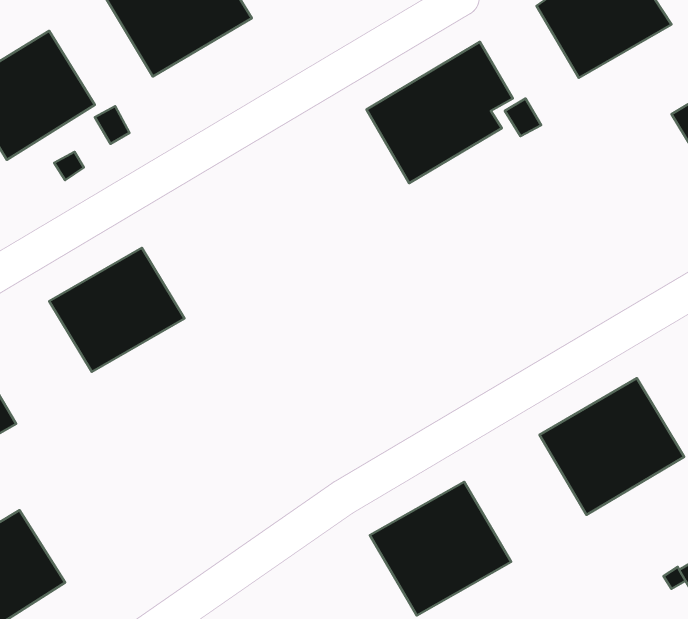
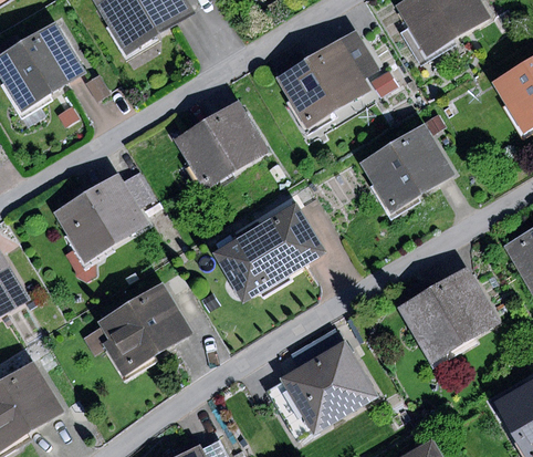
building: none -> [175,101,269,190]
building: none -> [358,123,454,212]
building: none -> [212,202,327,304]
building: none -> [83,282,192,375]

